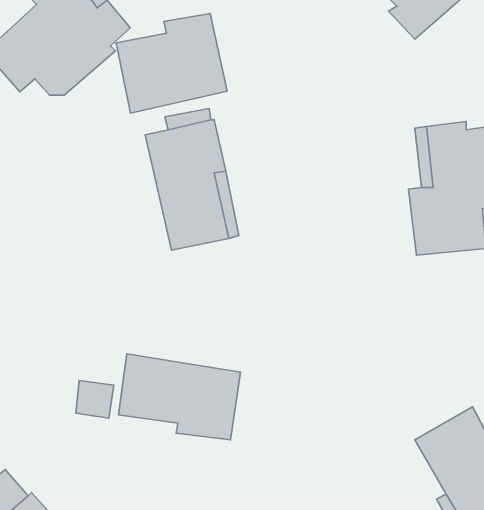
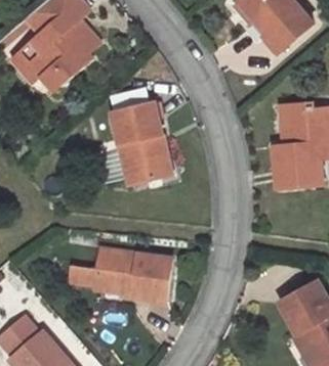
building: [116,14,227,113] -> none

